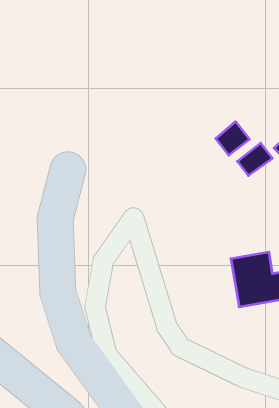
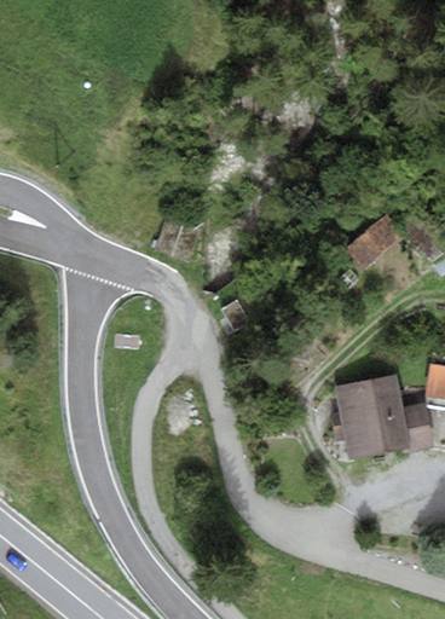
building: [216,122,249,155] -> none

